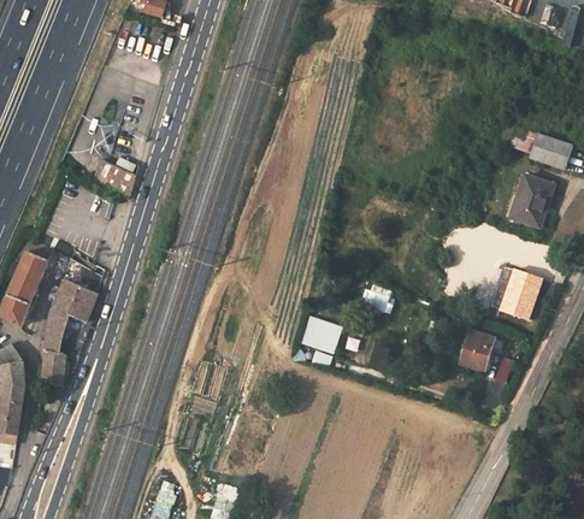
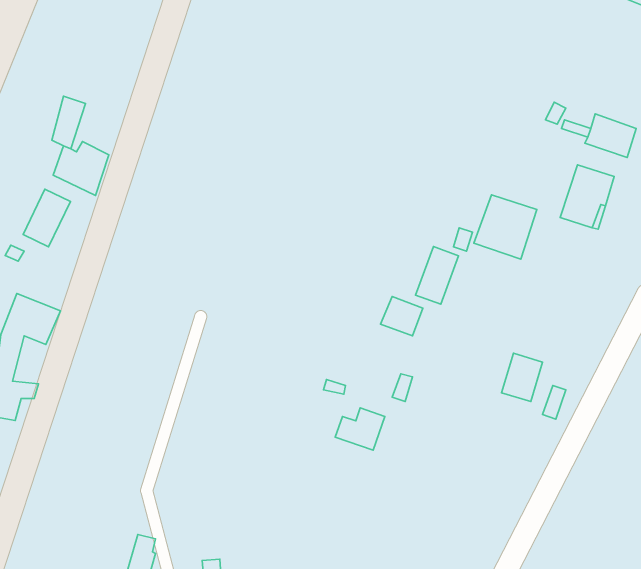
building: none -> [23,189,71,247]
building: none -> [416,247,459,304]
building: [489,266,541,319] -> [474,195,537,259]
building: [302,319,343,354] -> [335,408,385,450]

